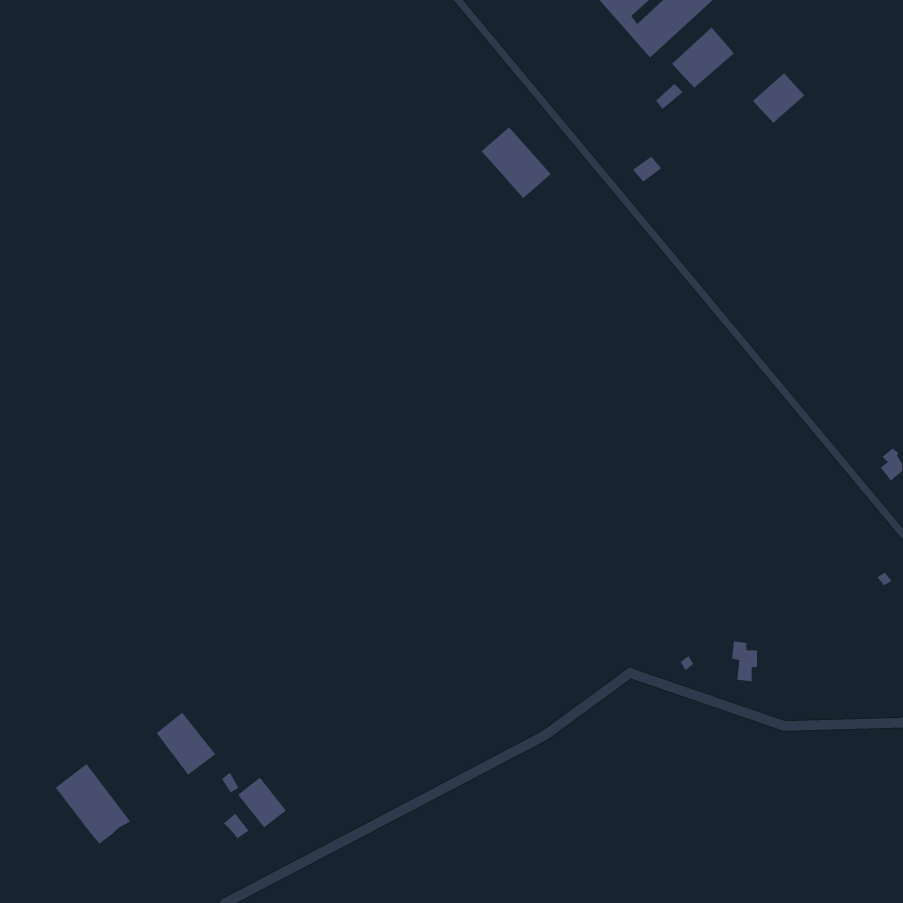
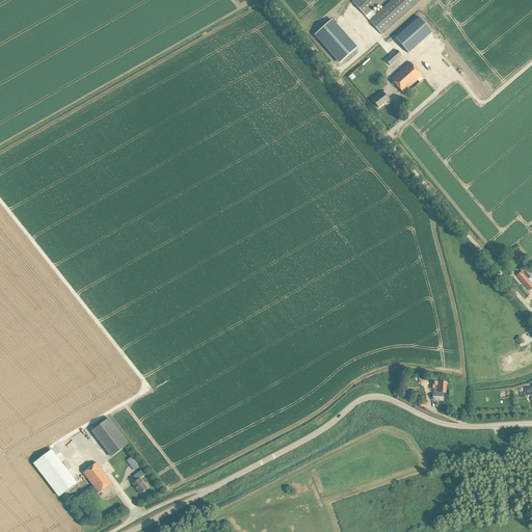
building: [752,72,805,124] -> [390,61,421,91]
building: [481,126,552,199] -> [314,19,355,61]
building: [237,777,287,828] -> [82,461,111,491]

